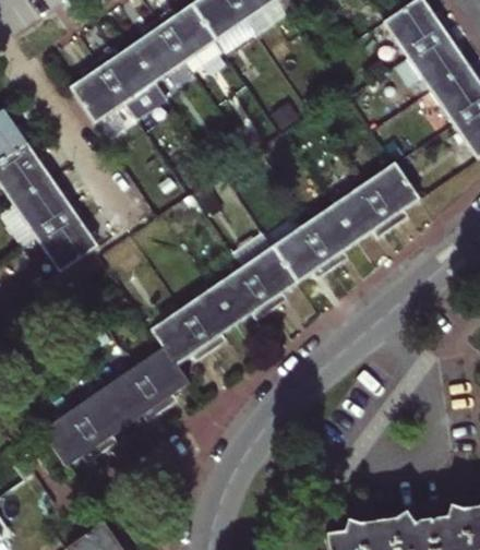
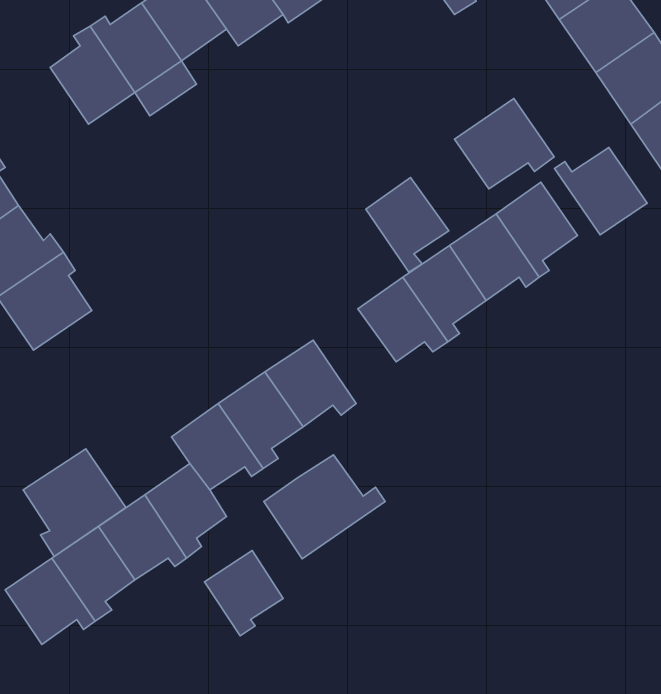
building: none -> [455,98,554,189]
building: none -> [555,147,647,235]
building: [243,246,298,308] -> [366,177,449,272]
building: none -> [23,449,126,556]
building: none -> [264,455,385,559]
building: none -> [204,550,283,636]

